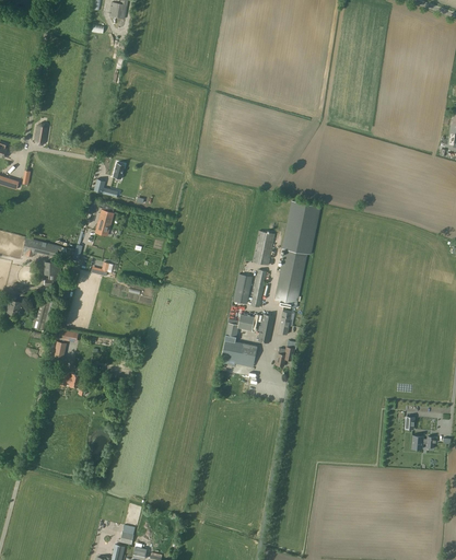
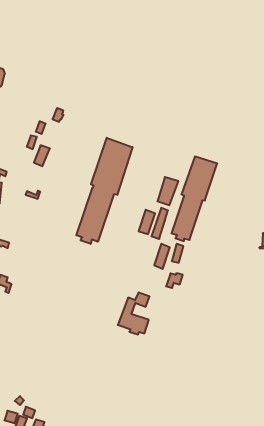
building: none -> [76,138,133,244]
building: [220,314,257,365] -> [118,293,150,335]

